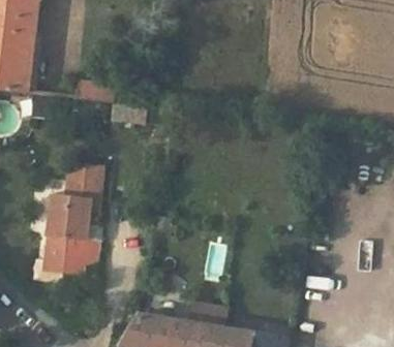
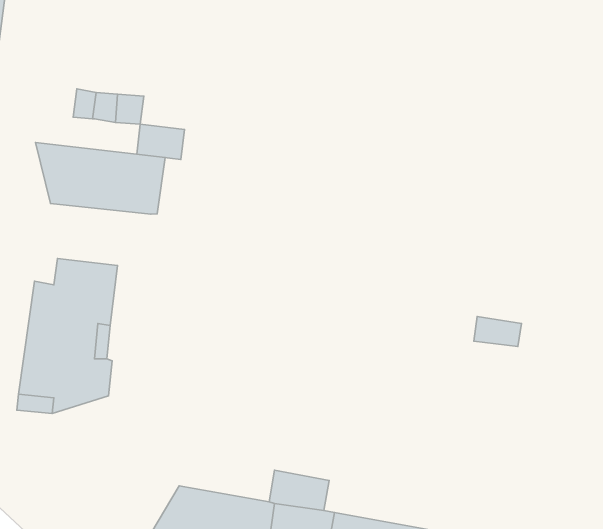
building: none -> [36,142,165,214]

